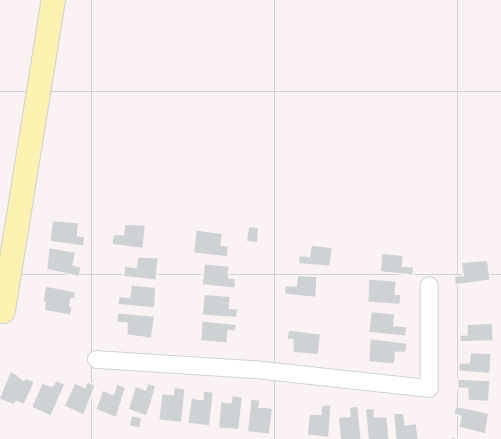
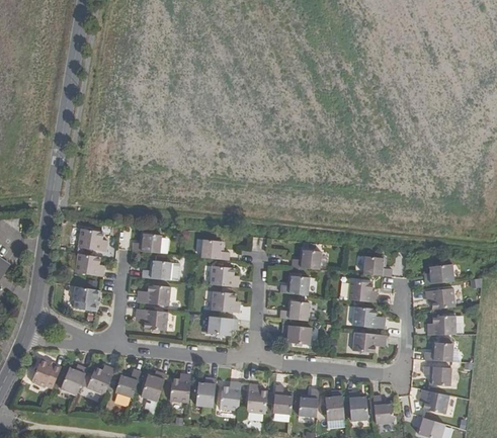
building: none -> [426,288,458,308]
building: none -> [277,300,306,320]
building: none -> [271,384,292,414]

